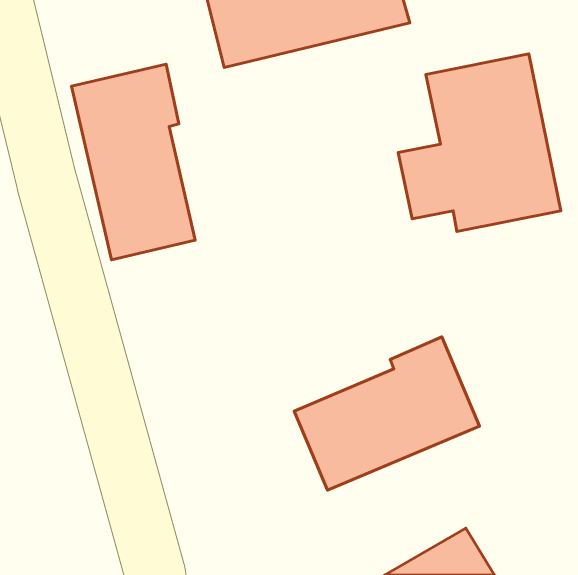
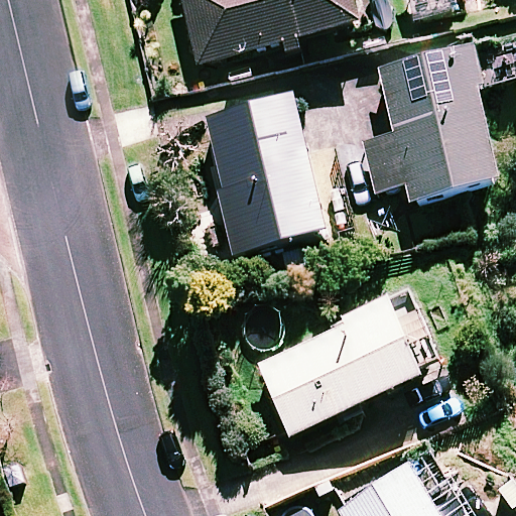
building: [71,64,195,260] -> none
building: none -> [204,94,326,250]

